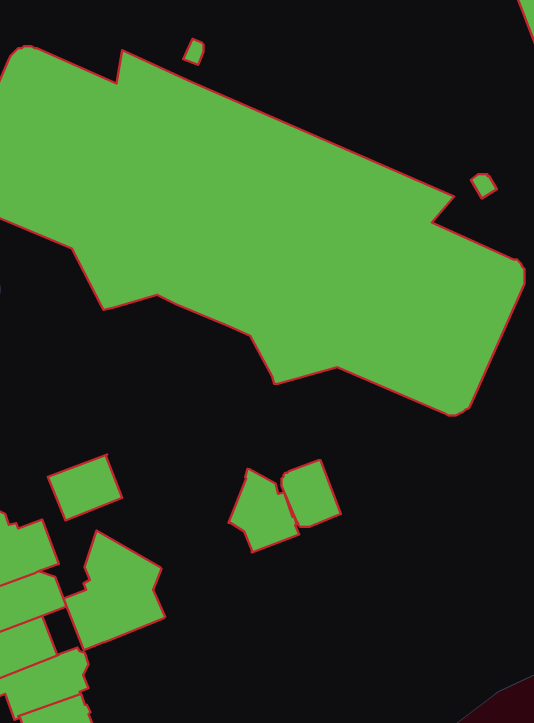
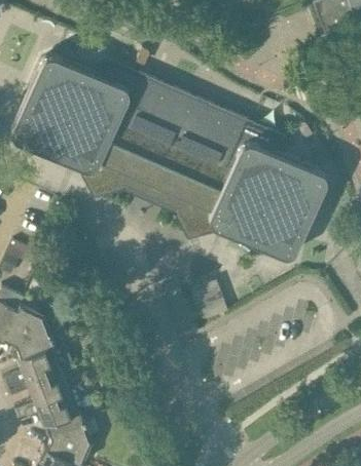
building: [48,455,122,520] -> none
building: [228,469,299,552] -> none
building: [63,530,165,650] -> none

